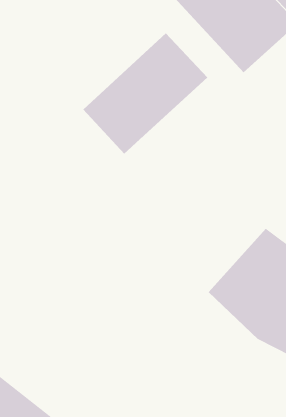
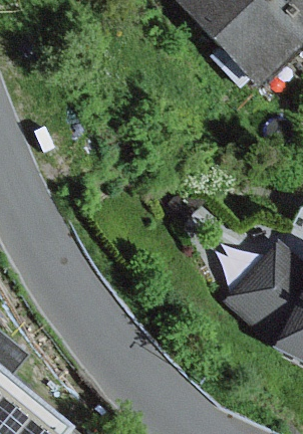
building: [82,32,208,154] -> none

